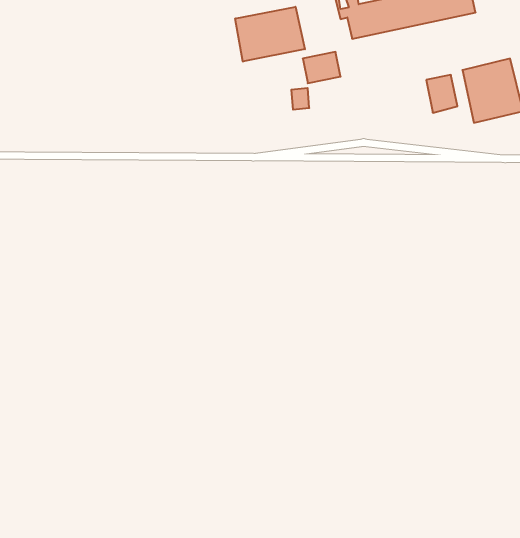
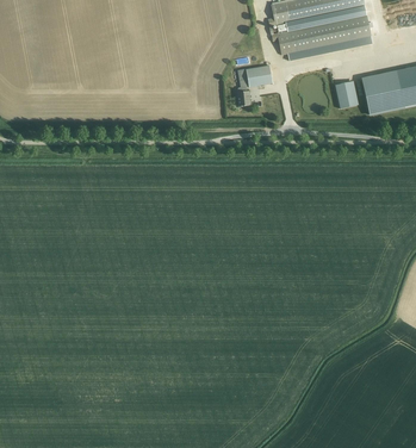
building: [235,7,305,62] -> none

